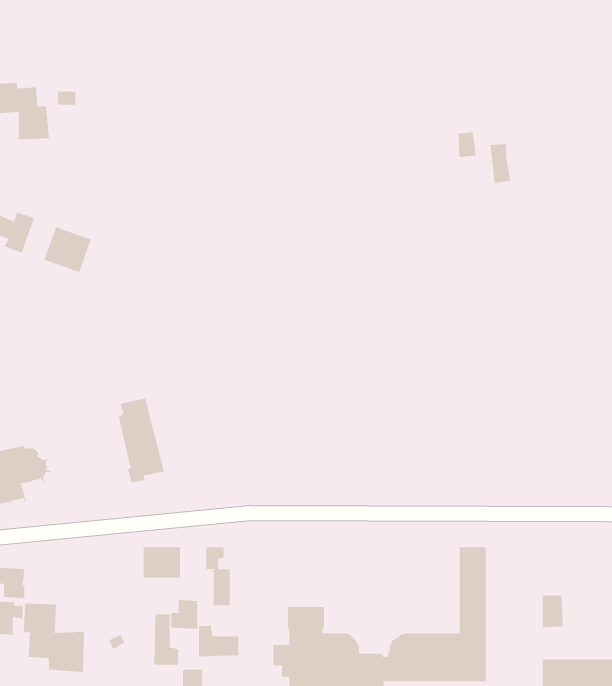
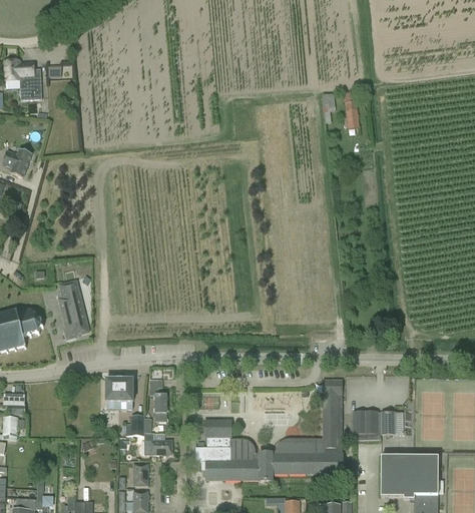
building: [43,226,92,273] -> none
building: [118,398,165,483] -> [57,281,89,340]
building: none -> [353,411,381,439]
building: [23,603,85,673] -> none
building: [153,614,179,666] -> none

